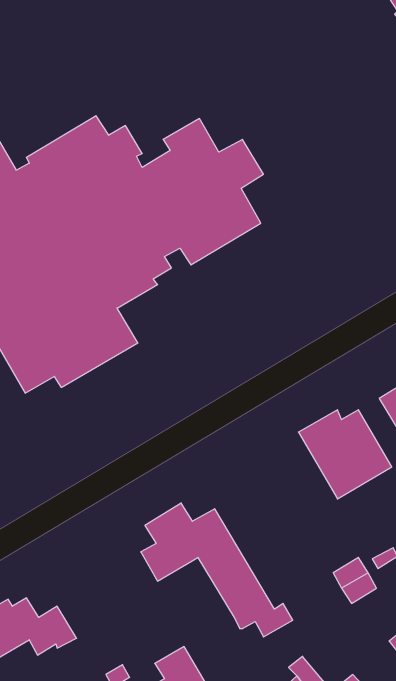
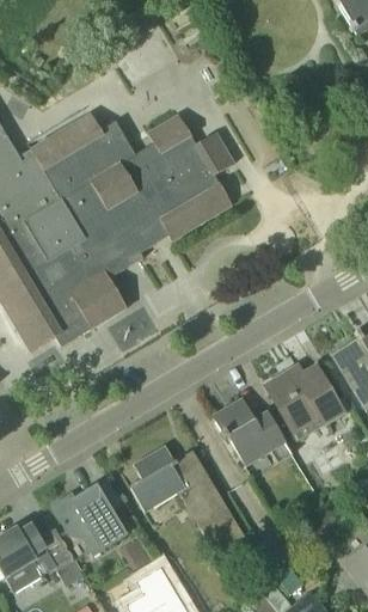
building: none -> [213,398,293,467]
building: none -> [54,485,125,555]

